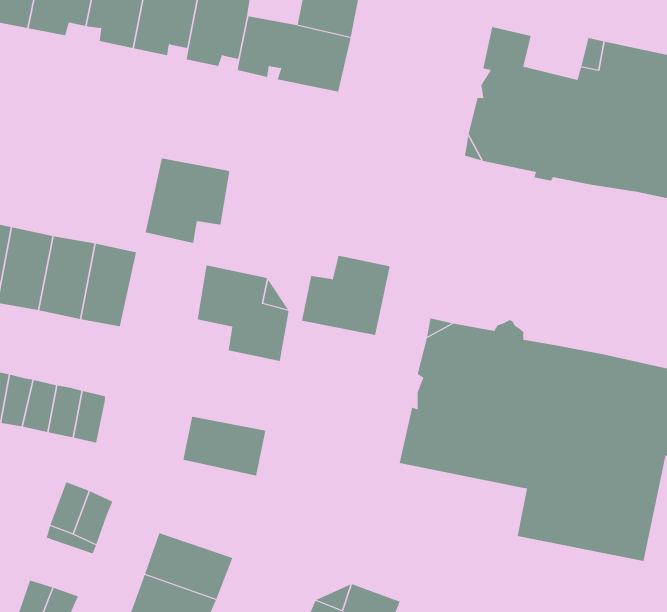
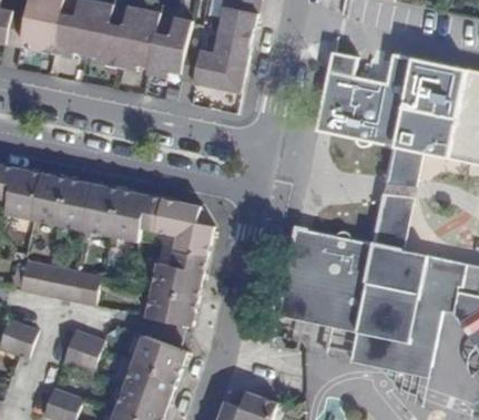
building: [145,158,230,243] -> [108,189,160,242]
building: none -> [374,148,422,252]
building: [301,255,390,335] -> [151,249,205,298]
building: none -> [131,335,185,376]

